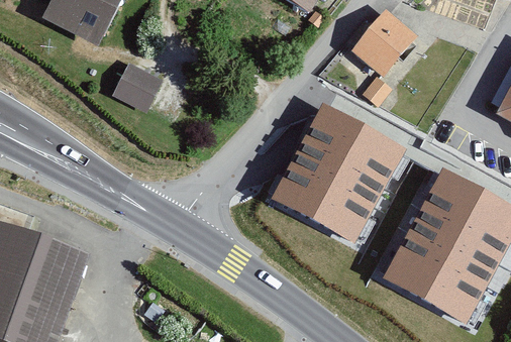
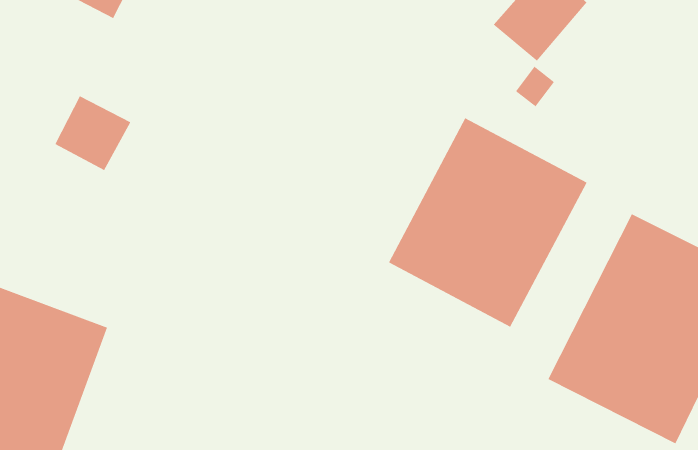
building: [109,58,162,109] -> [54,96,131,171]

